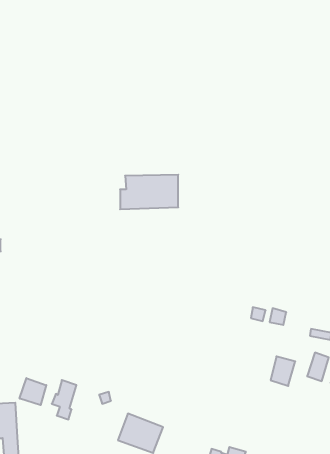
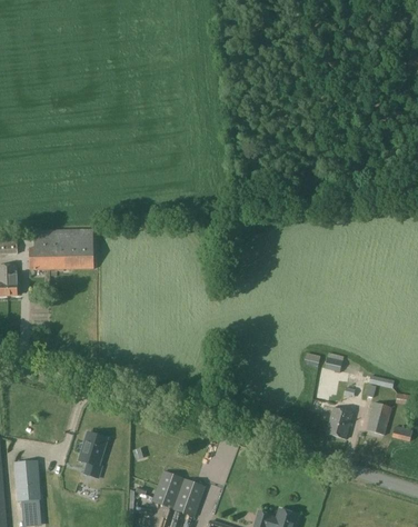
building: [120,175,178,209] -> [29,231,94,270]
building: [20,378,46,405] -> none

